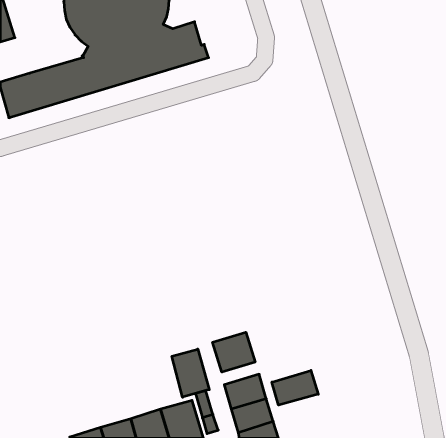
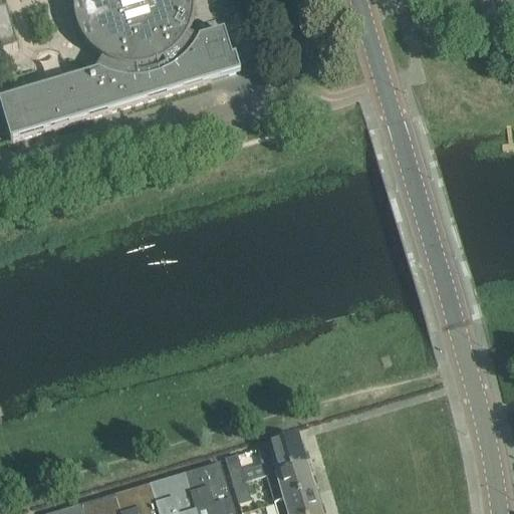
building: [213,332,255,372] -> none
building: [172,349,209,397] -> none
building: [272,370,318,405] -> none

